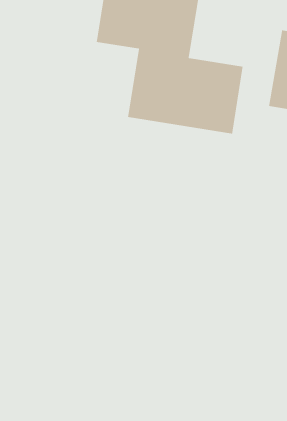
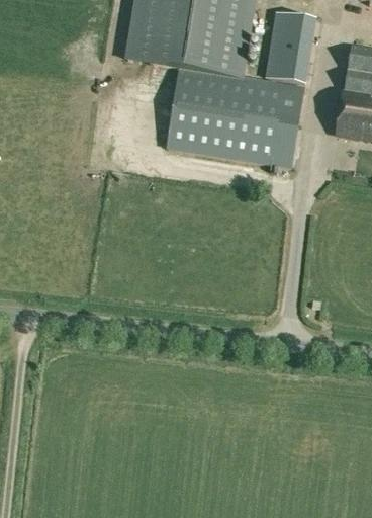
building: none -> [266,11,316,82]

